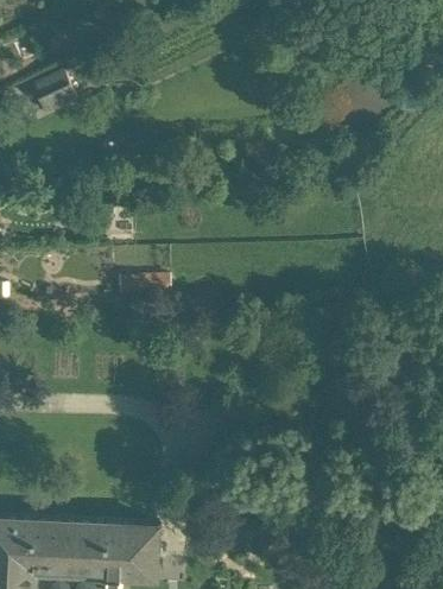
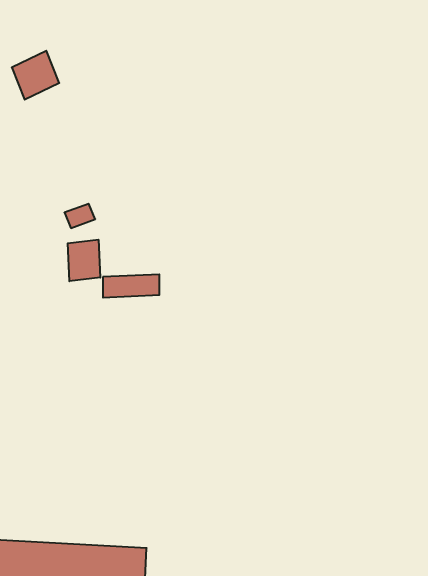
building: none -> [68,240,100,281]

